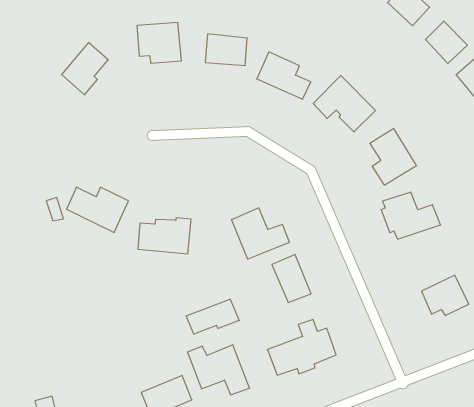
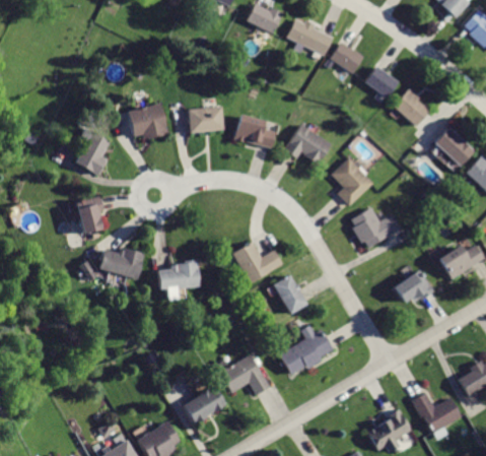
building: none -> [76,194,107,234]
building: [186,299,239,334] -> none

